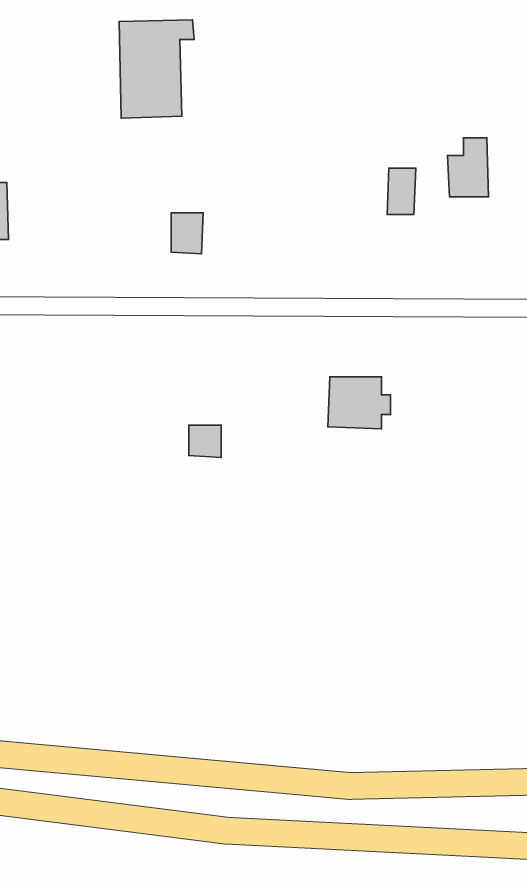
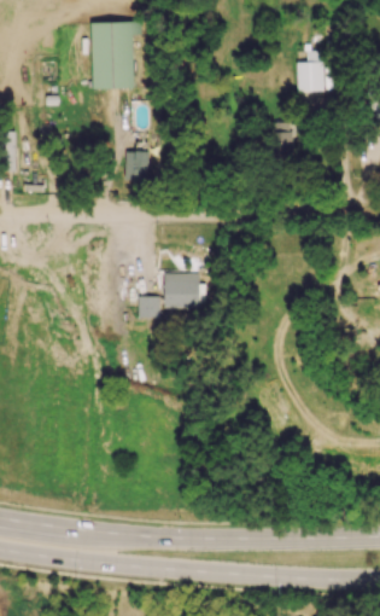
building: [448,138,489,197] -> [297,52,325,92]
building: [328,377,390,429] -> [164,274,206,309]

